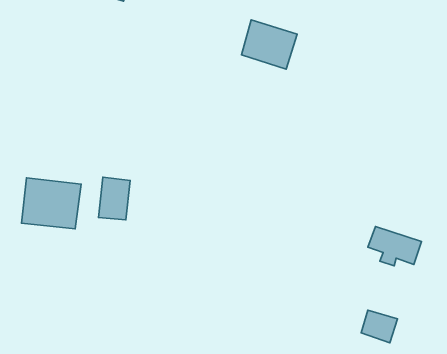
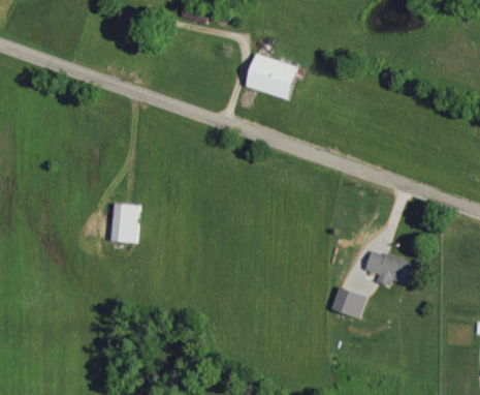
building: [22,178,81,229] -> none
building: [361,310,397,343] -> [331,286,365,317]

